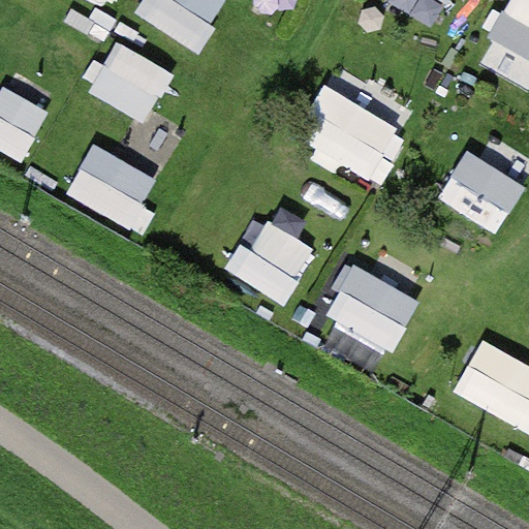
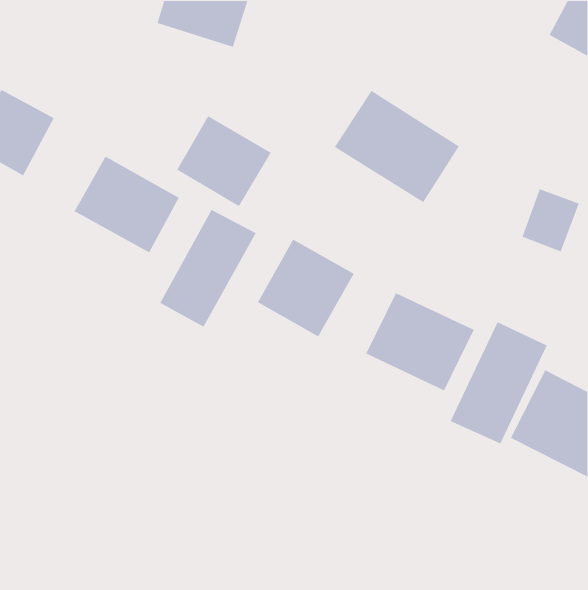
building: [88,42,173,124] -> [176,115,272,207]
building: none -> [159,209,257,328]
building: none -> [449,321,548,445]

